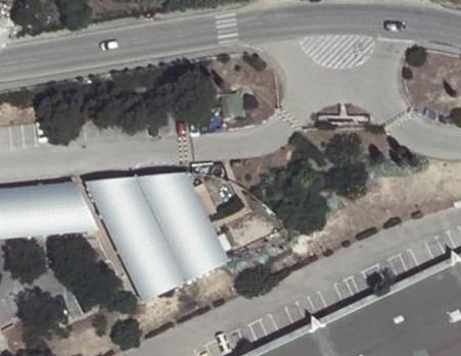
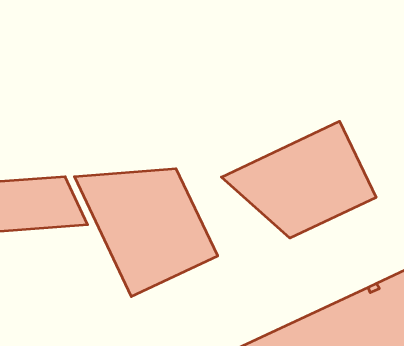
building: none -> [221,121,376,238]

